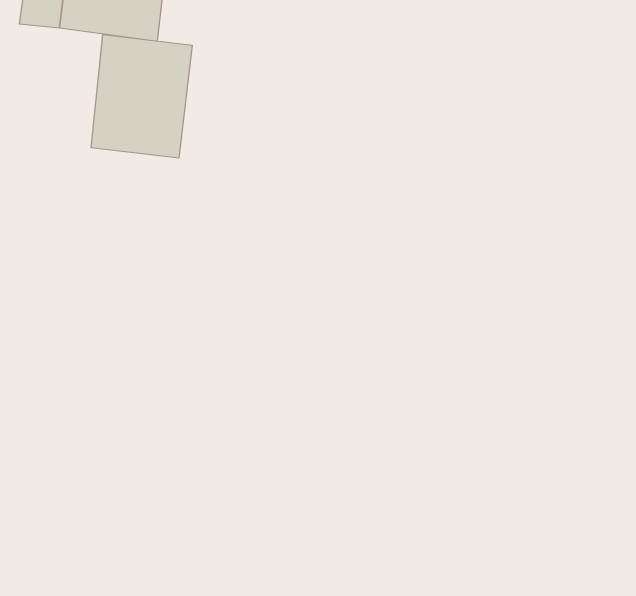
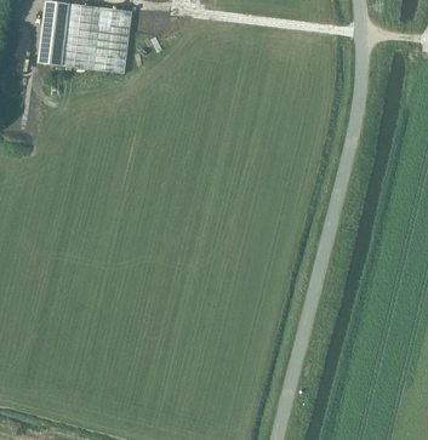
building: [91,35,192,158] -> none

